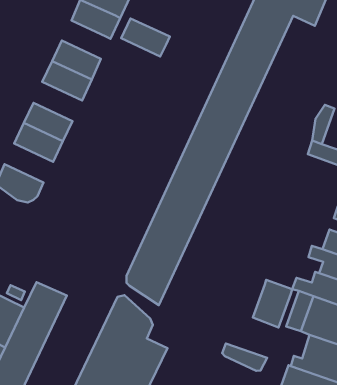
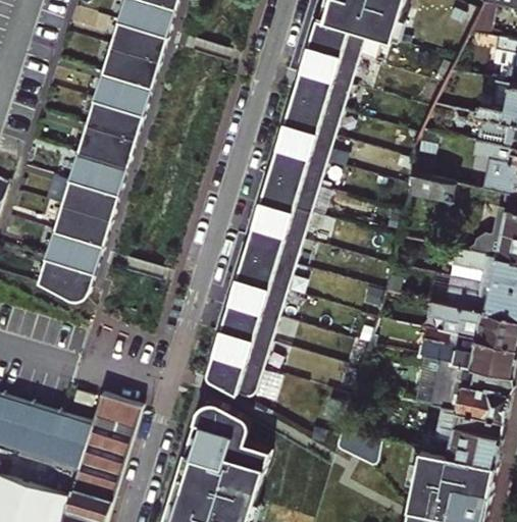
building: [121,18,170,57] -> [93,72,151,113]
building: none -> [69,151,127,193]
building: none -> [45,229,103,271]
building: [253,280,292,327] -> none

